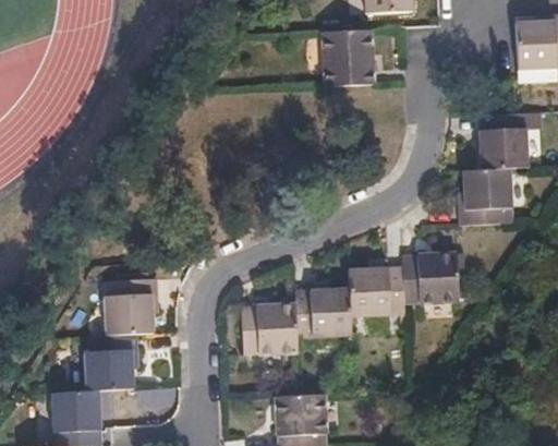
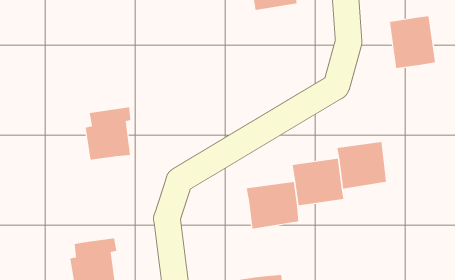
building: [459,168,513,224] -> none
building: [104,277,158,334] -> [85,107,131,160]
building: [241,304,298,353] -> none

